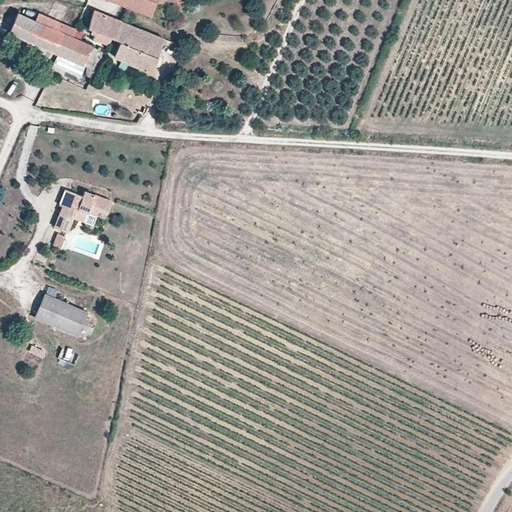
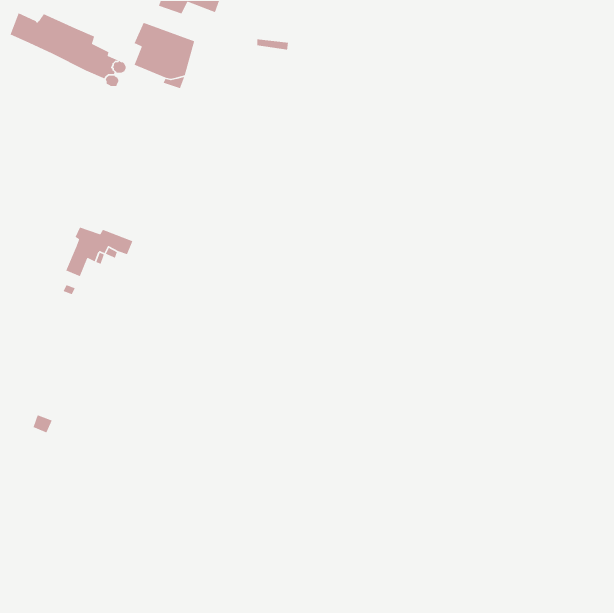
building: [85,10,120,38] -> none
building: [32,295,95,342] -> none

